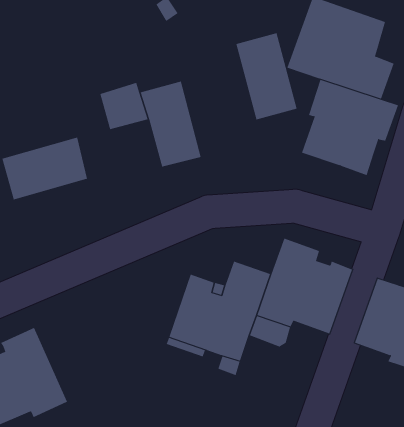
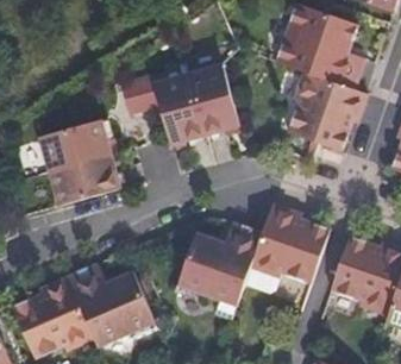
building: [236,32,297,120] -> [188,64,239,137]
building: none -> [49,155,120,207]
building: none -> [67,264,155,347]

